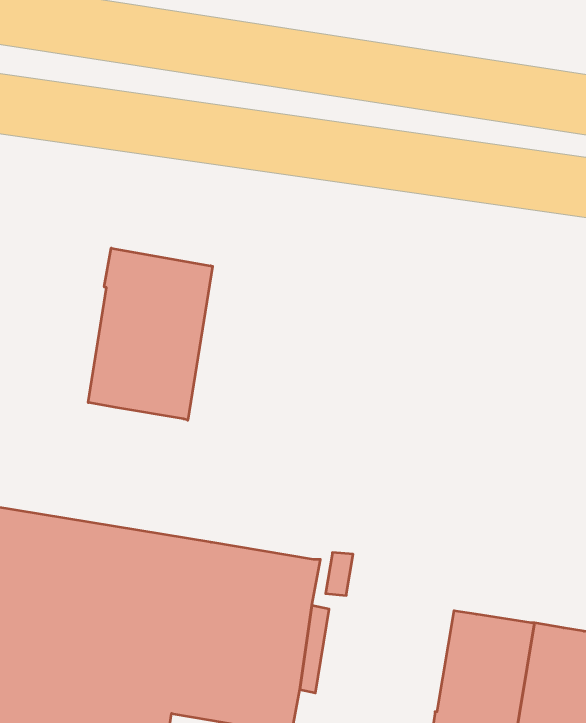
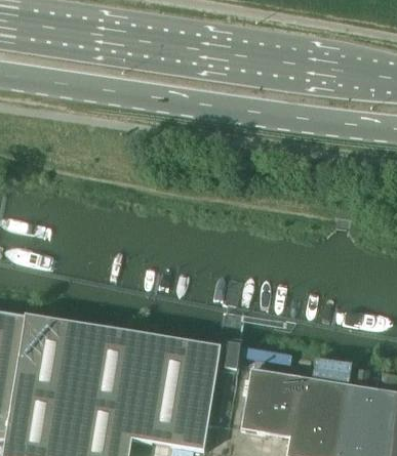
building: [88,248,213,420] -> none
building: none -> [241,367,301,436]

